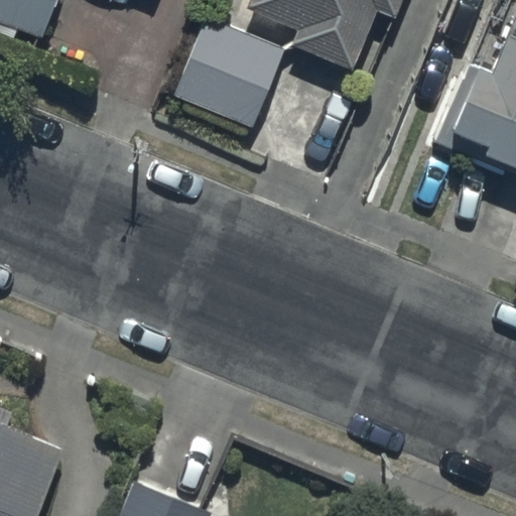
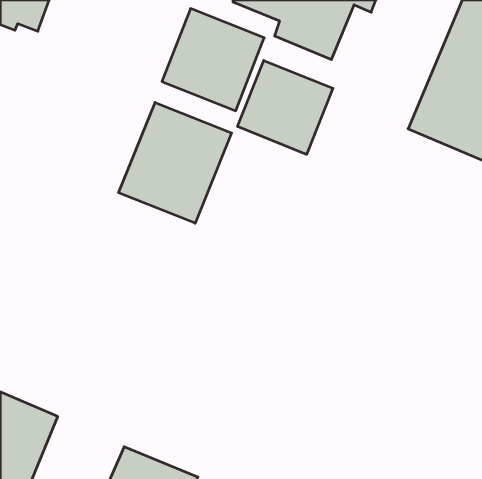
building: none -> [238,60,333,154]
building: none -> [119,102,232,223]

